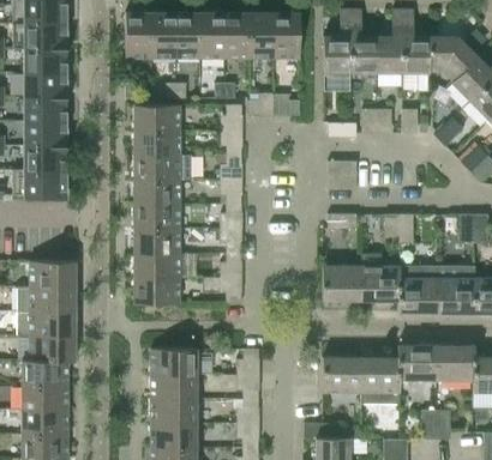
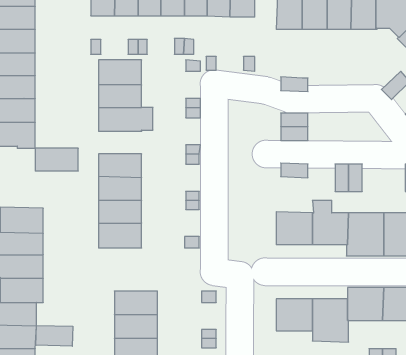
building: [134,181,180,205] -> [35,148,78,171]
building: none -> [36,325,73,346]

